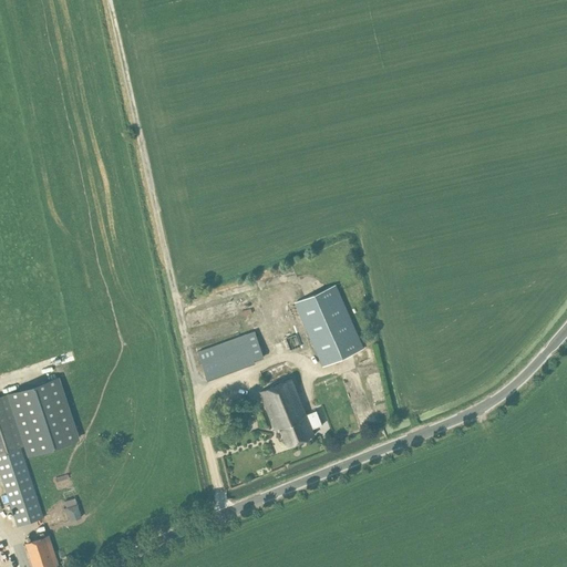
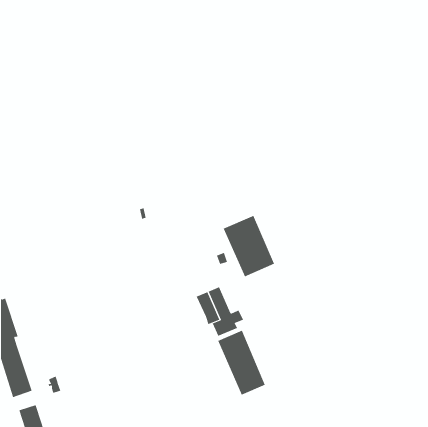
building: [198,332,264,380] -> none
building: [8,379,76,456] -> none
building: none -> [217,330,266,395]

